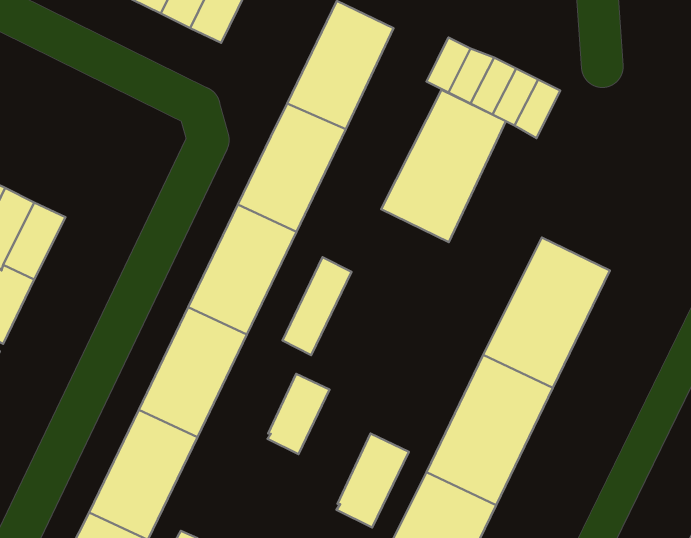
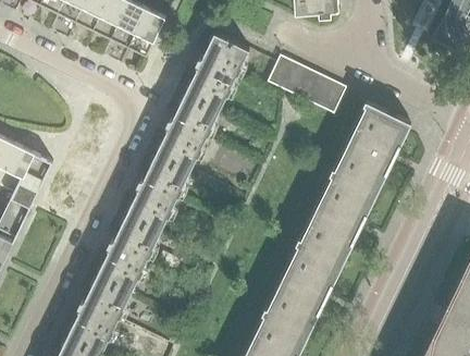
building: [381,90,506,242] -> [335,103,409,194]
building: [282,257,351,355] -> none
building: [268,374,330,454] -> none
building: [337,434,409,528] -> none

